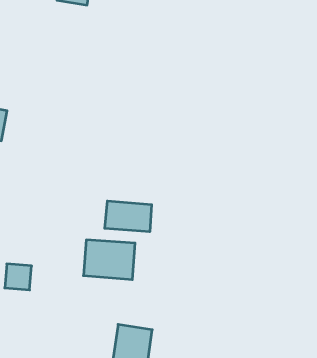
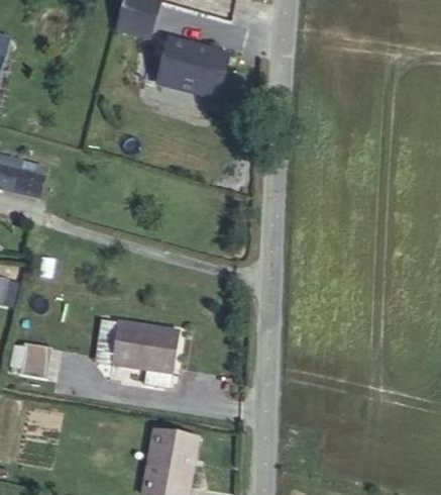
building: none -> [158,40,224,97]
building: [105,201,152,232] -> none

